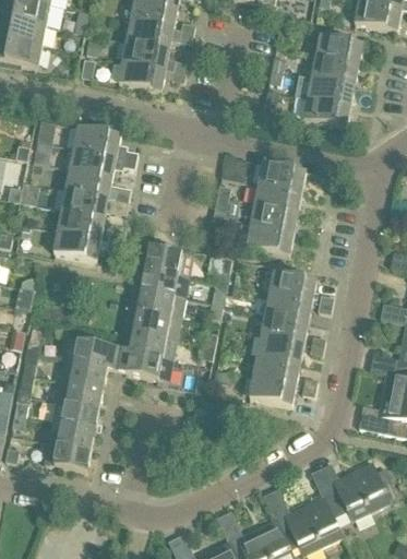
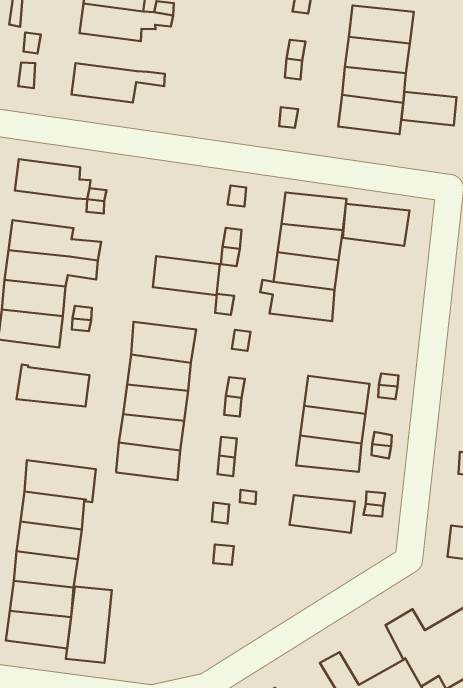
building: [122,38,187,71] -> none
building: none -> [402,92,456,125]
building: [70,145,116,175] -> none
building: none -> [343,204,409,246]
building: none -> [153,256,220,295]
building: [270,266,316,299] -> none
building: [120,346,172,379] -> [17,364,89,406]
building: [253,353,300,381] -> none
building: none -> [66,587,112,663]

